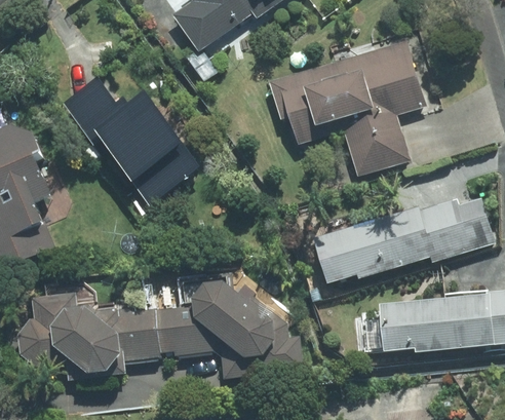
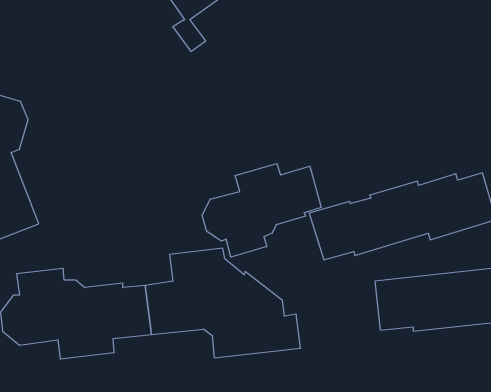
building: [267,40,426,176] -> none
building: [61,75,202,204] -> none
building: none -> [202,164,321,257]

